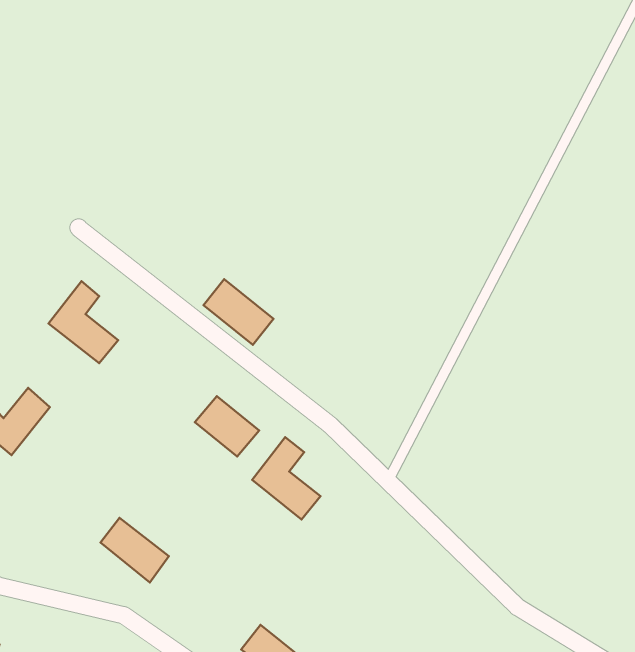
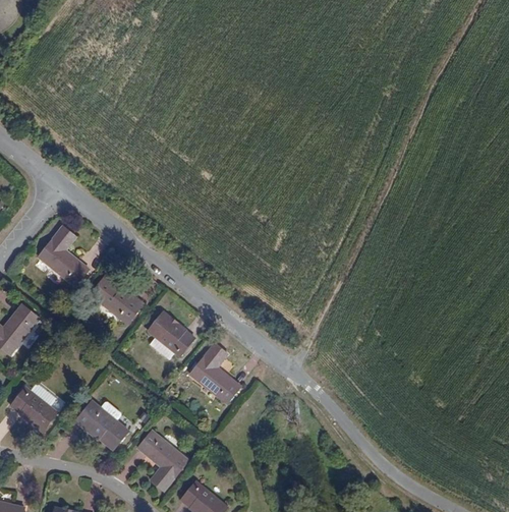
building: [204,279,273,345] -> [92,273,144,322]
building: none -> [11,388,58,432]
building: none -> [137,431,188,491]

